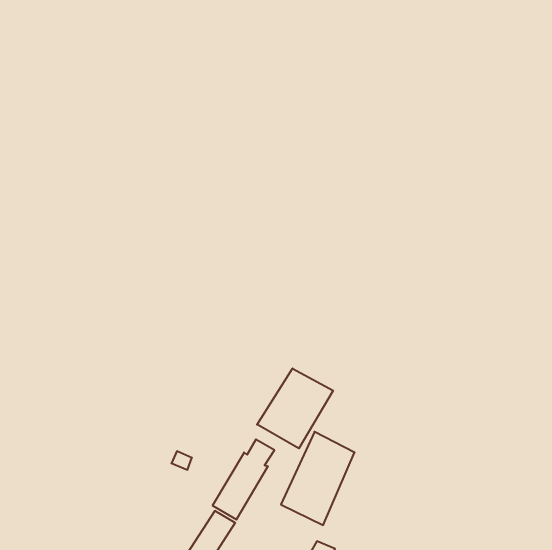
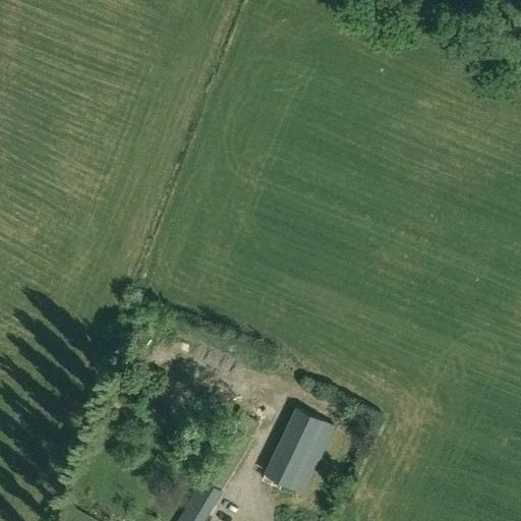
building: [257,368,333,448] -> none

